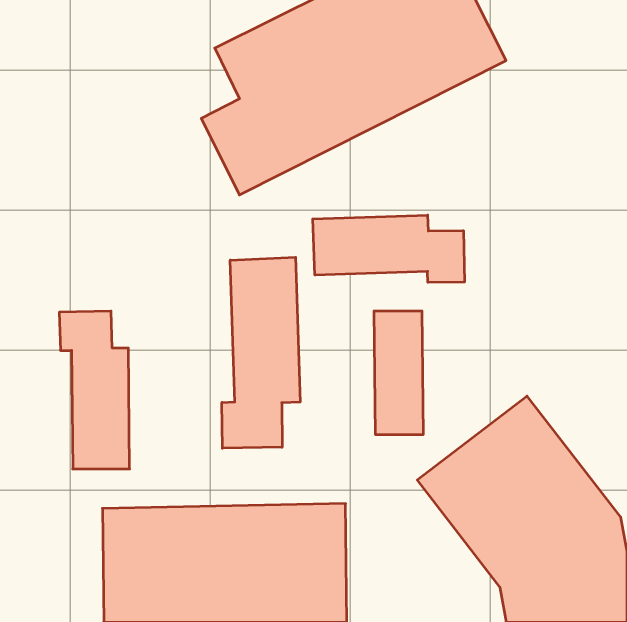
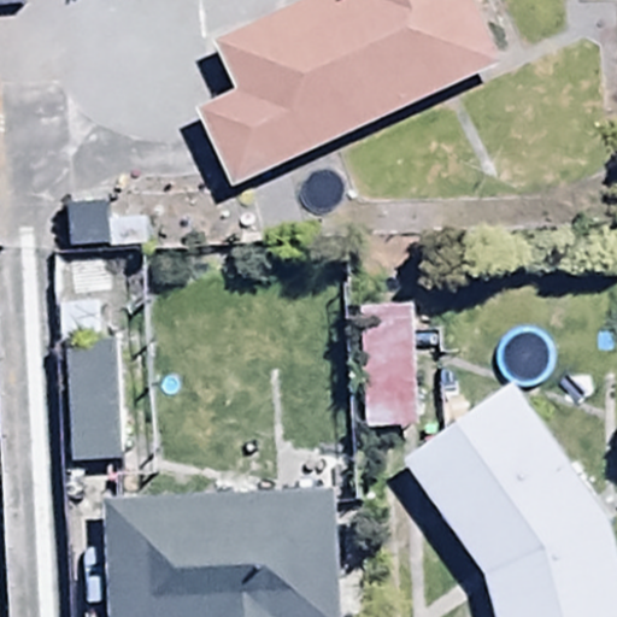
building: [313,215,464,282] -> none
building: [222,257,300,448] -> none

